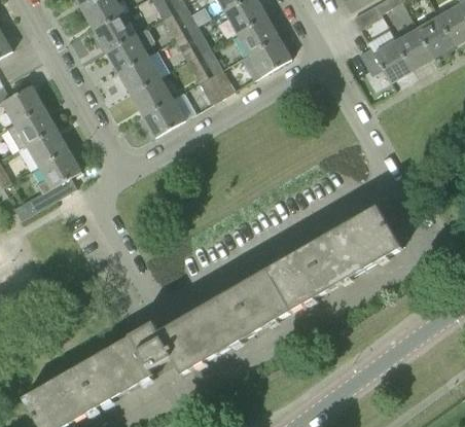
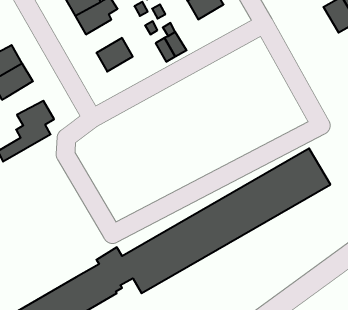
building: [241,36,290,79] -> none
building: [358,39,412,81] -> none
building: [117,54,159,93] -> none
building: [142,97,184,136] -> none
building: [25,126,68,165] -> none

